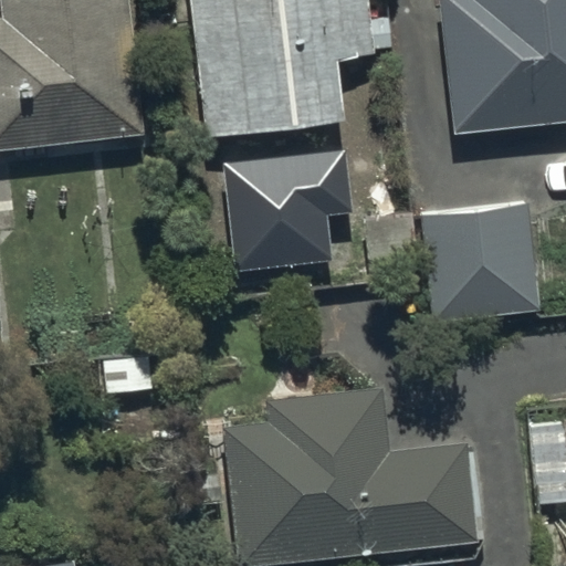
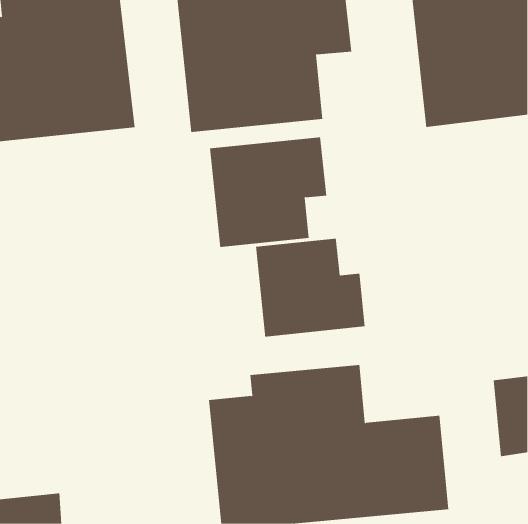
building: [421,203,541,323] -> none
building: none -> [255,238,365,337]

